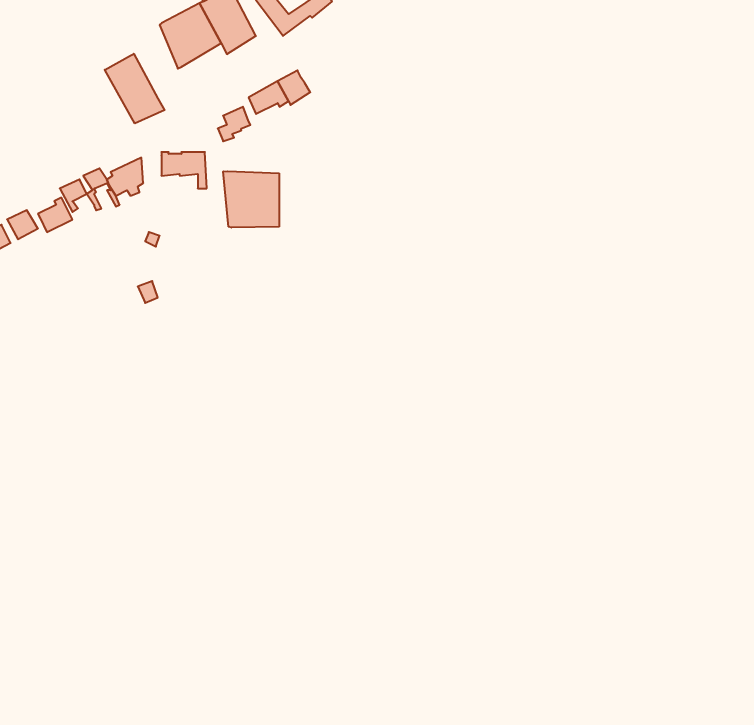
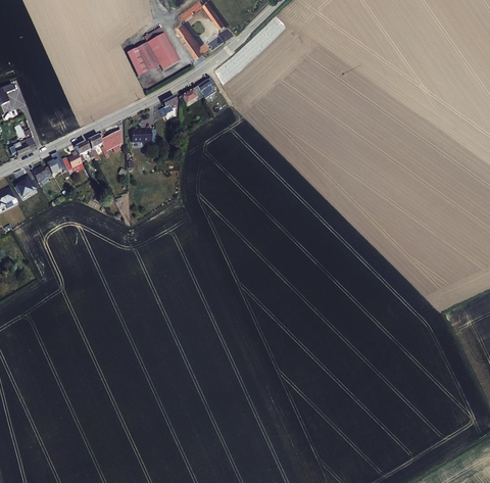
building: [105,54,165,123] -> none
building: [223,171,279,228] -> none

